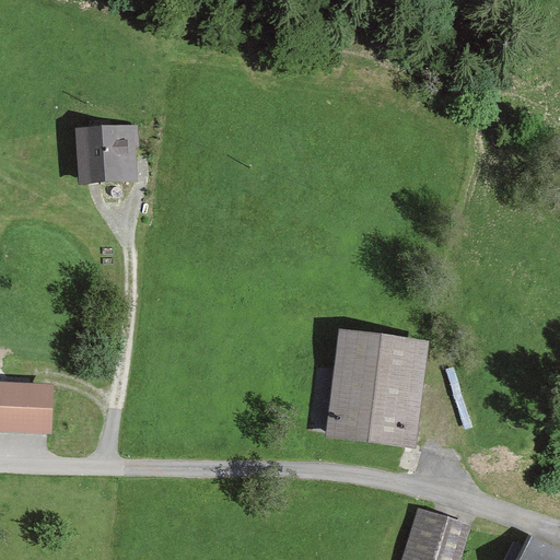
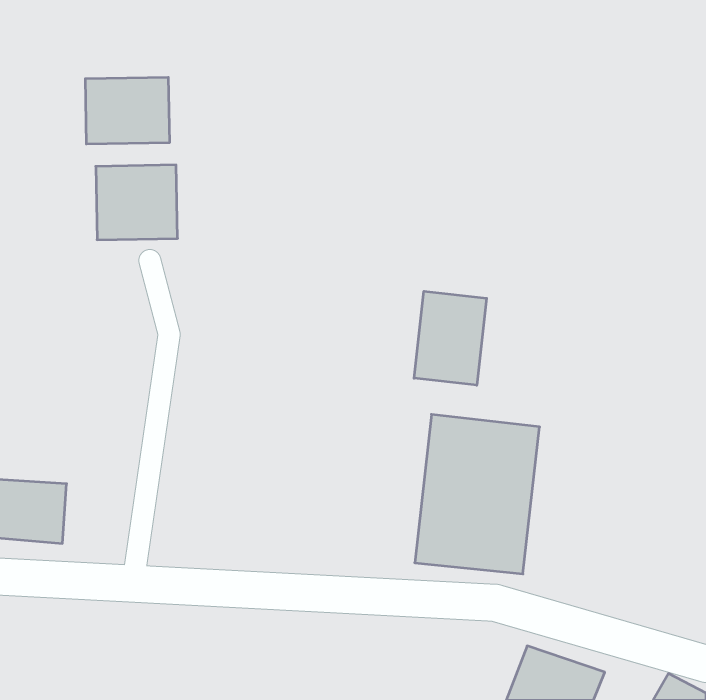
building: none -> [85,77,169,144]
building: none -> [414,291,487,385]

